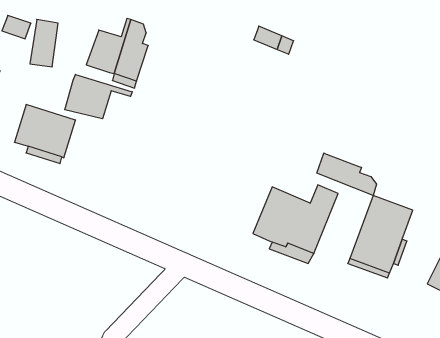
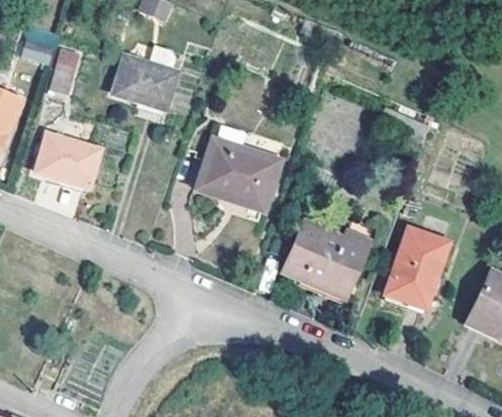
building: [65,74,132,119] -> none
building: none -> [196,136,281,204]
building: [317,153,377,196] -> none

